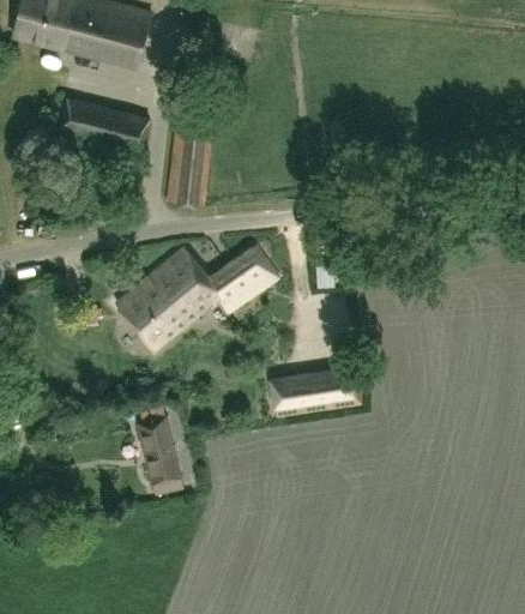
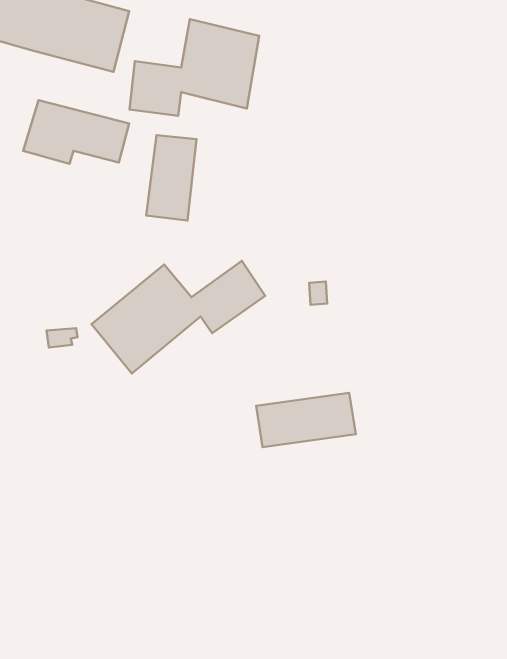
building: none -> [130,19,259,116]
building: [139,414,183,492] -> none

